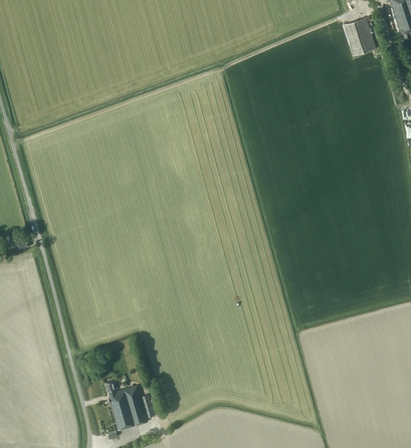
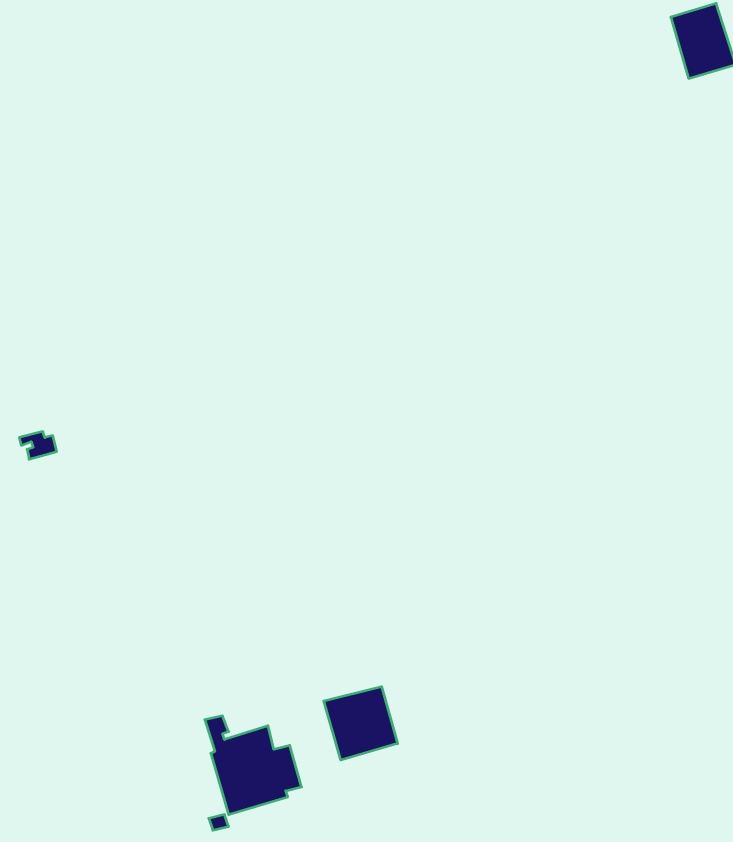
building: none -> [324,687,398,760]

